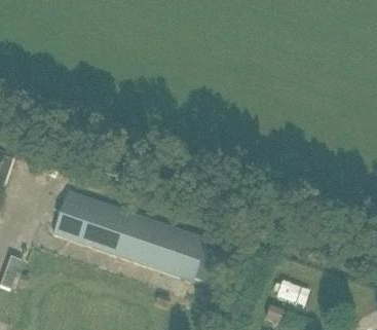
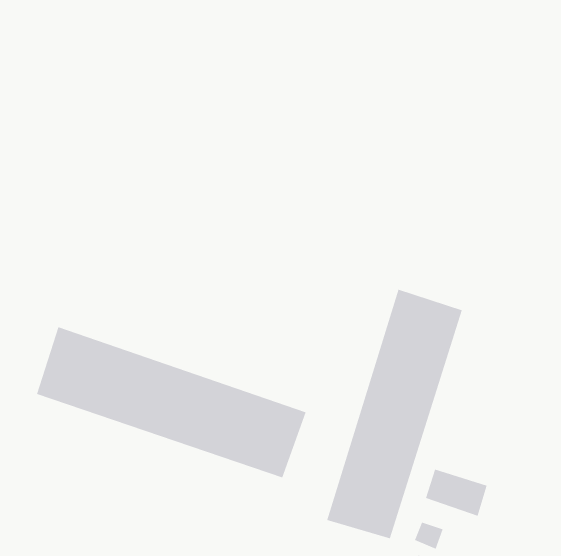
building: none -> [326,289,462,539]

